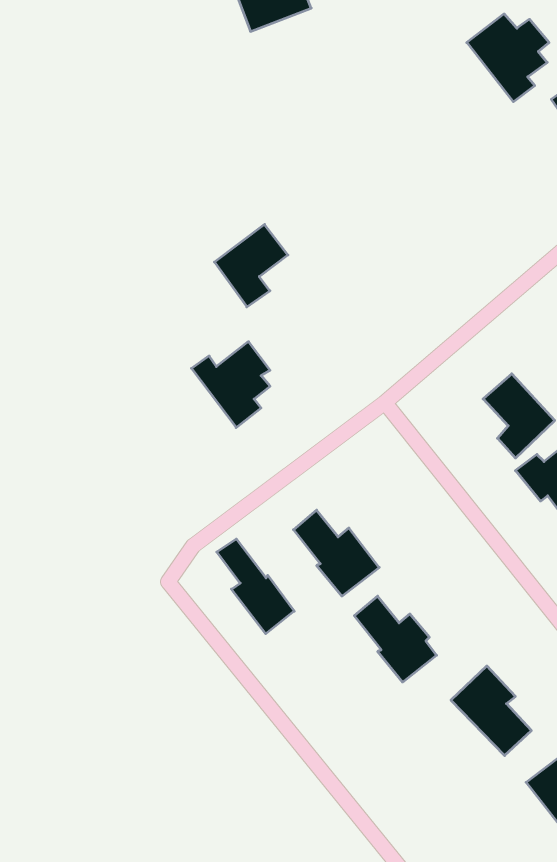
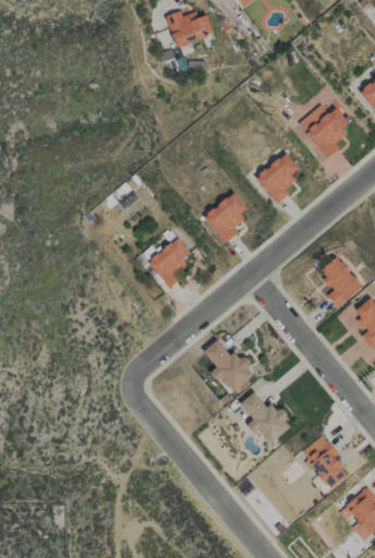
building: [467,14,549,102] -> [299,105,349,158]
building: none -> [256,153,302,204]
building: [214,224,288,307] -> [205,193,250,243]
building: [217,539,294,634] -> none

